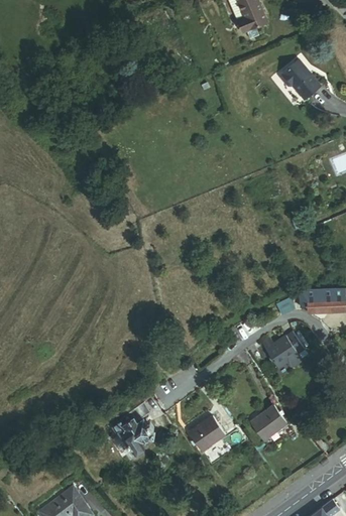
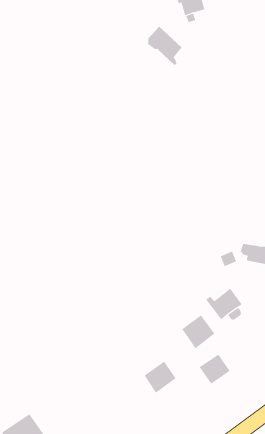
building: [276,61,316,106] -> [147,26,183,66]
building: none -> [181,315,215,349]
building: [112,403,153,449] -> none

